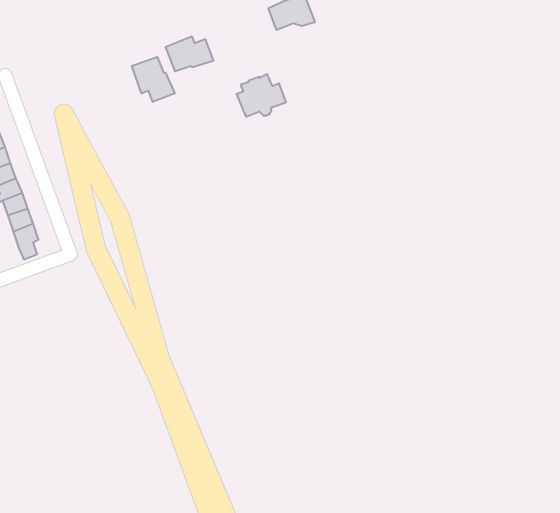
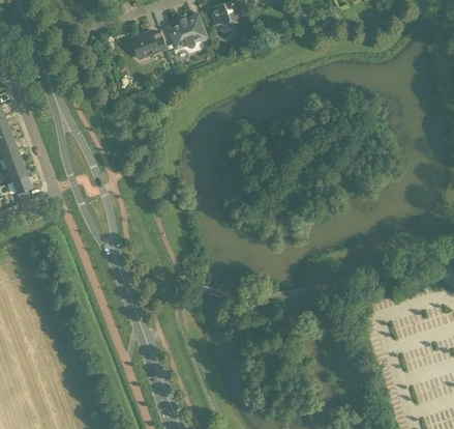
building: [132,57,175,102] -> none
building: [237,74,286,117] -> [168,15,206,48]

